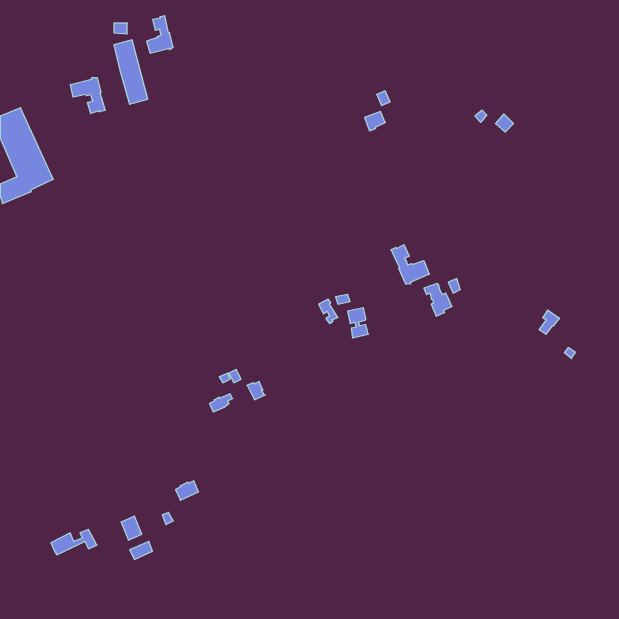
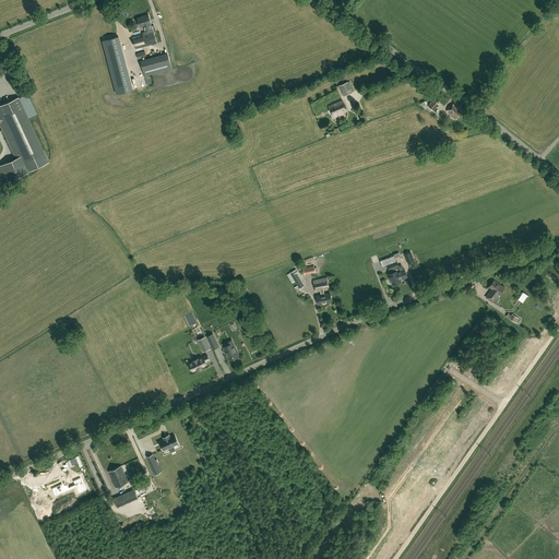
building: none -> [141,53,171,76]
building: [70,77,105,114] -> none
building: [391,245,429,284] -> none

